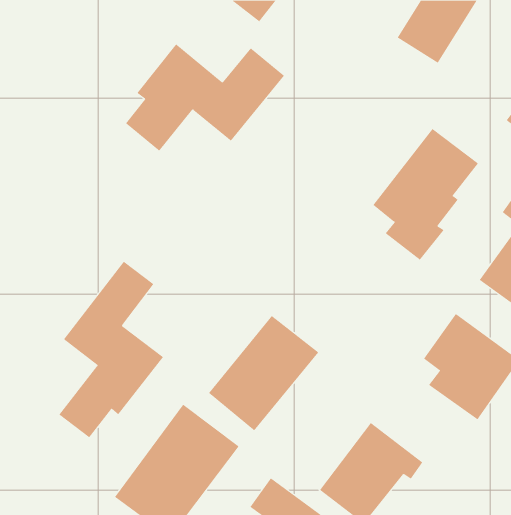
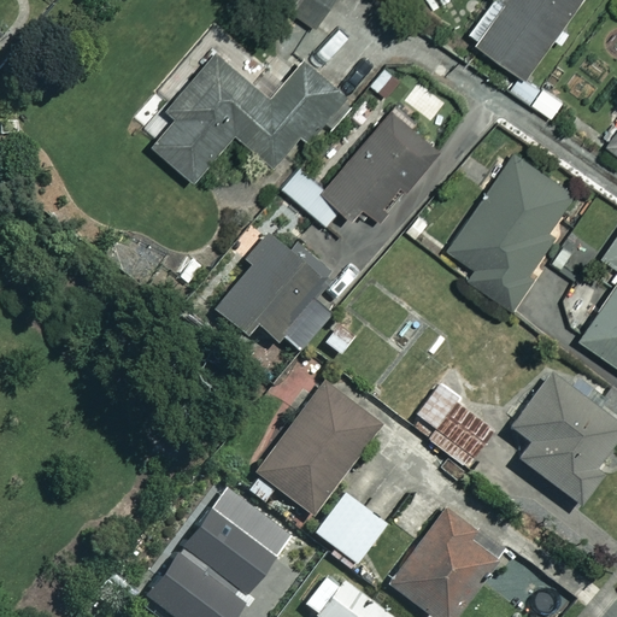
building: none -> [284,111,435,230]
building: none -> [213,240,331,341]
building: [59,261,164,438] -> none
building: none -> [419,384,498,460]
building: none -> [315,494,386,564]

